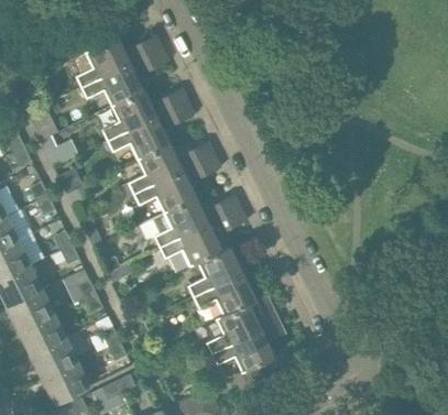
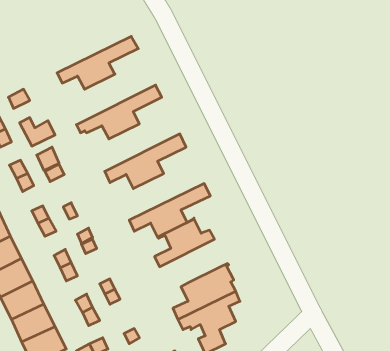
building: [72,35,161,87] -> none
building: [100,88,187,141] -> none
building: [119,141,214,198] -> none
building: [143,194,240,247] -> none
building: [192,267,255,319] -> none

